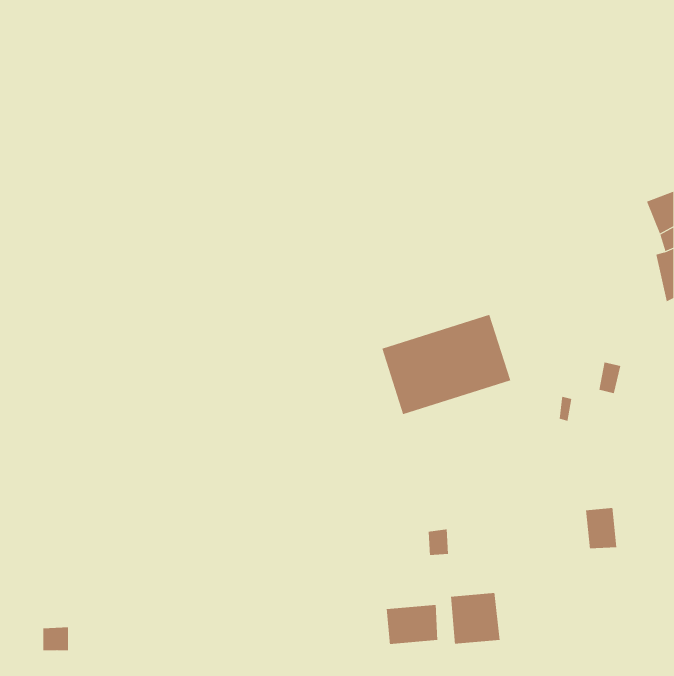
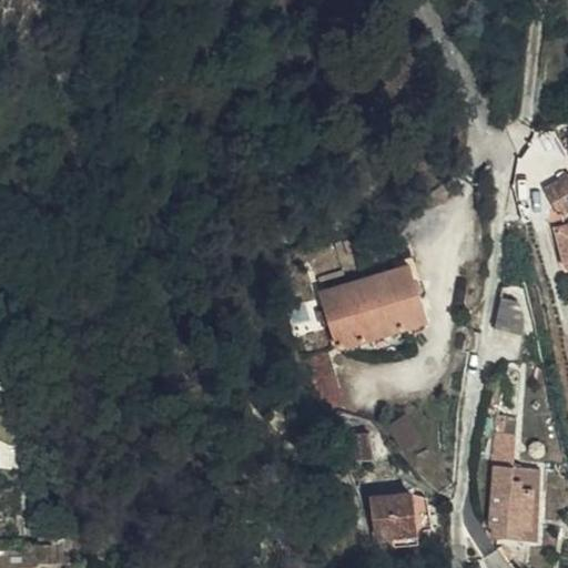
building: none -> [490,468,531,539]
building: [386,604,438,645] -> none

